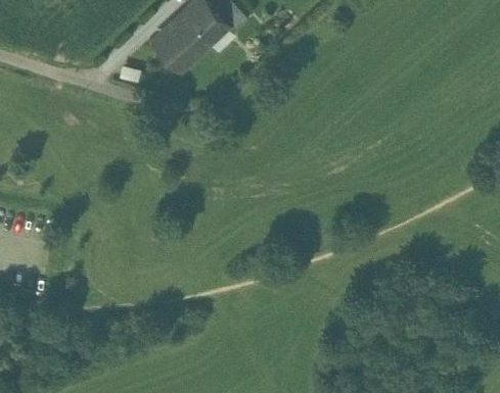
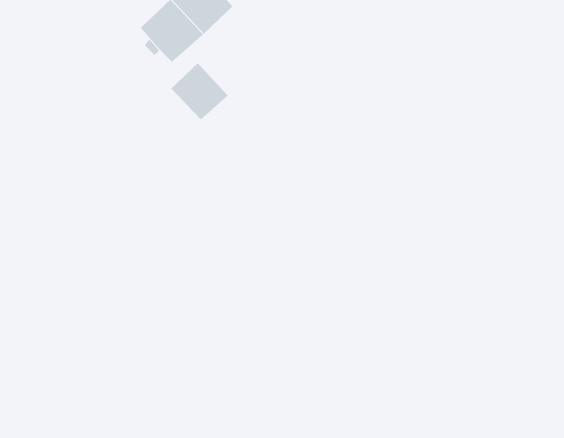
building: none -> [170,63,228,120]

